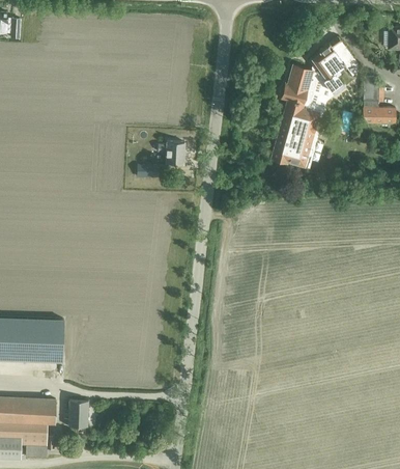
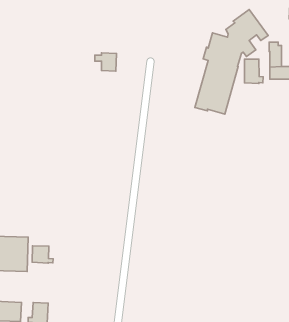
building: none -> [244,59,263,83]
building: [158,142,184,165] -> [95,53,117,71]
building: none -> [32,246,53,263]

